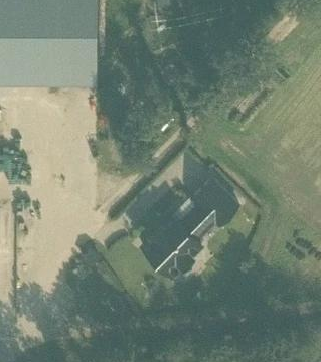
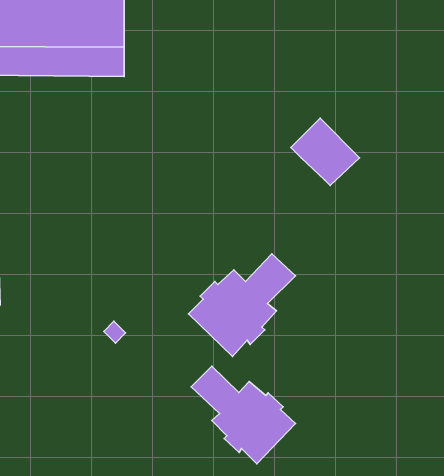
building: [191,180,238,226] -> [291,118,360,186]
building: none -> [191,366,296,464]

